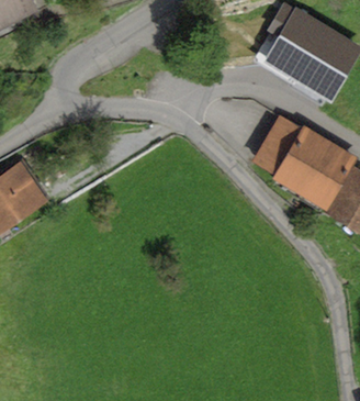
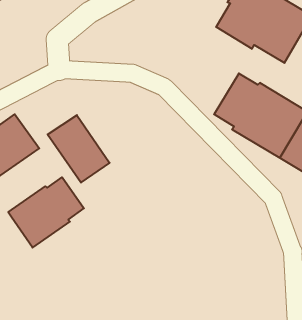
building: none -> [48,115,110,183]
building: none -> [8,177,84,248]

